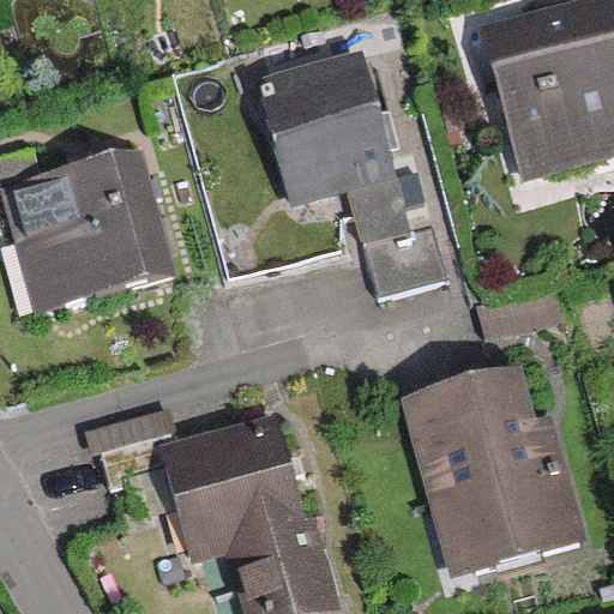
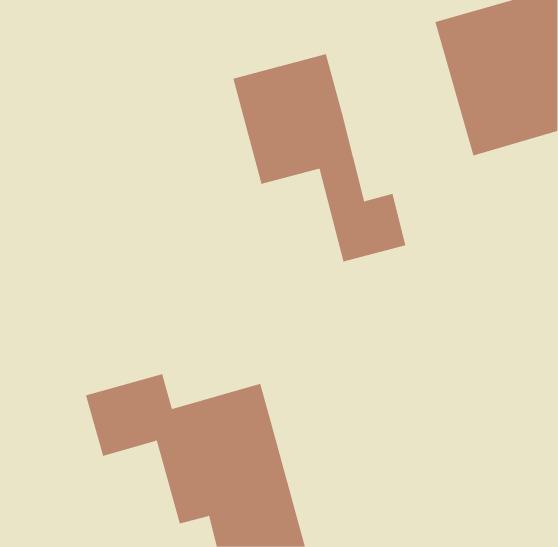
building: [8,164,145,303] -> none
building: [409,374,595,579] -> none

